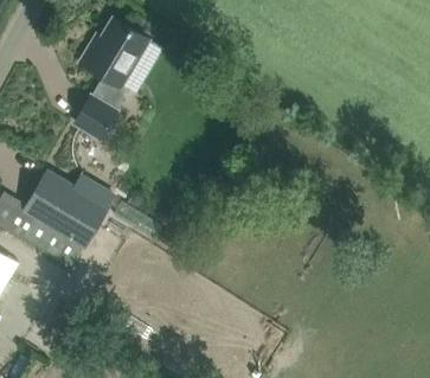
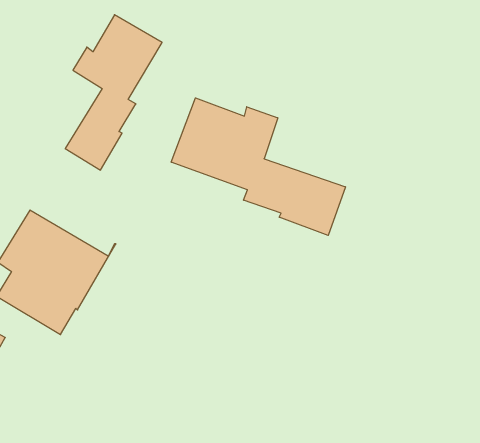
building: none -> [171,98,345,235]

